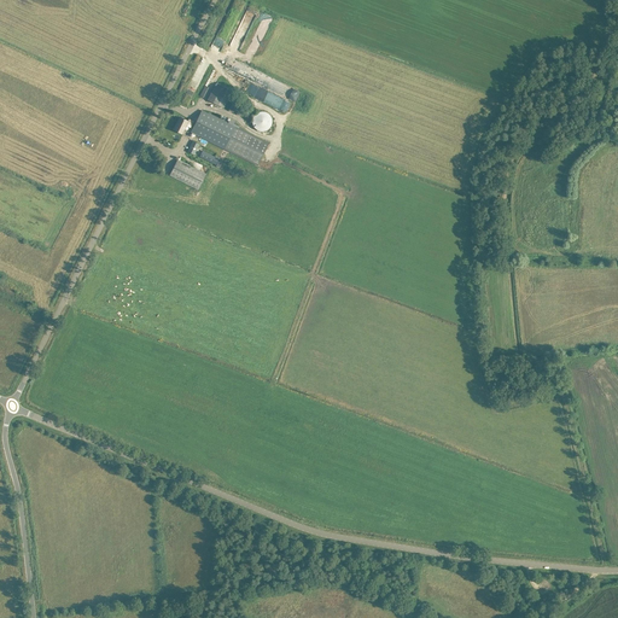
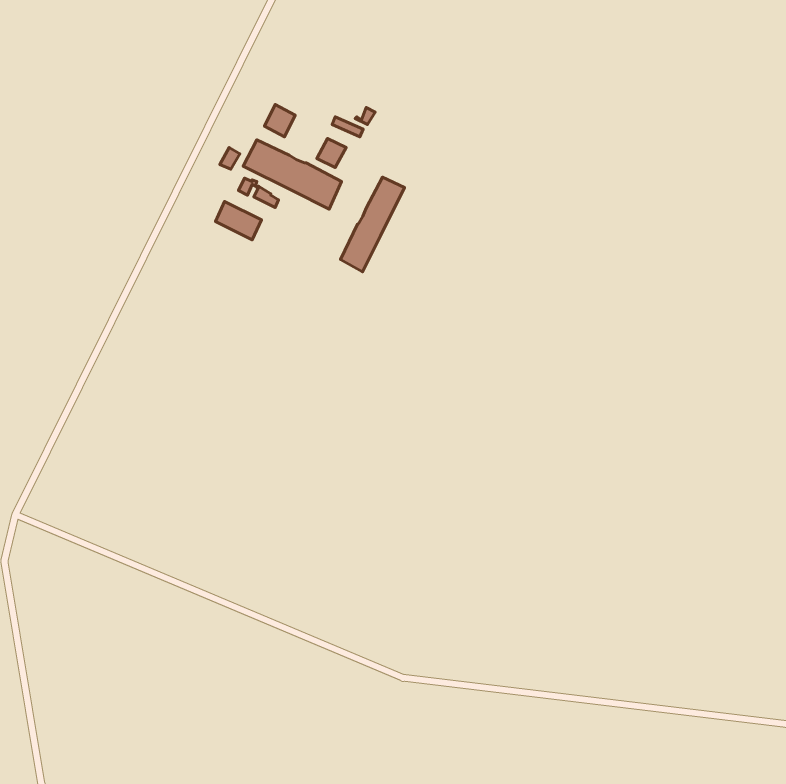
building: none -> [341,177,405,272]

